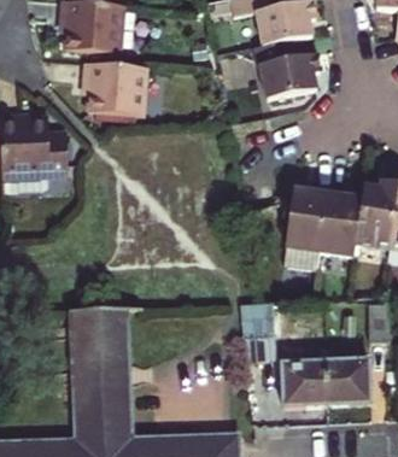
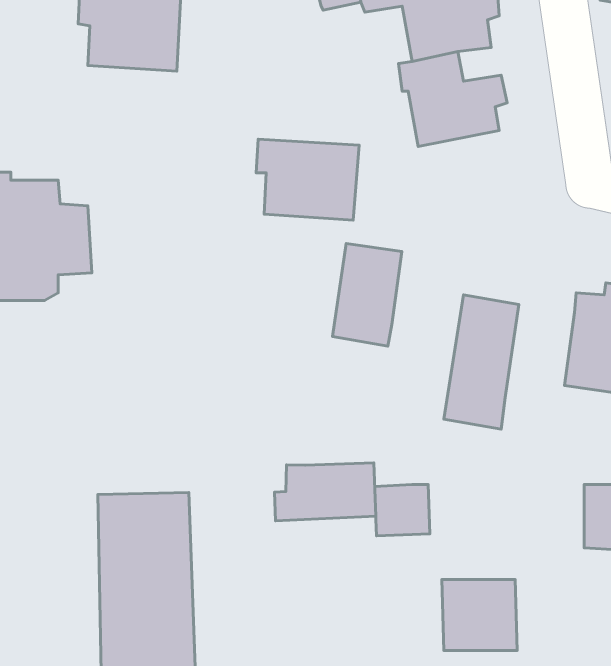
building: [83,63,146,112] -> [256,139,359,220]
building: [320,193,362,256] -> [332,243,402,346]
building: none -> [275,463,376,521]
building: [326,358,369,404] -> none

